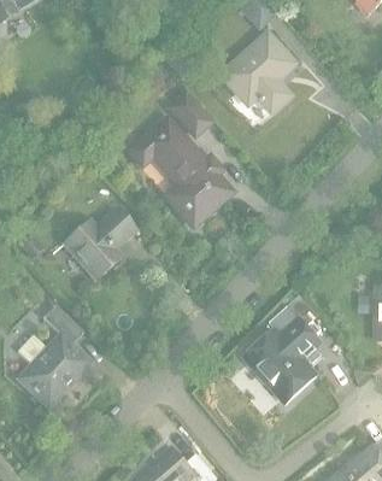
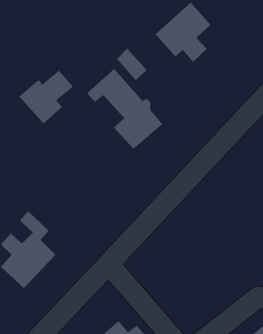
building: [61,207,134,278] -> [18,70,74,124]
building: [242,293,319,403] -> none

